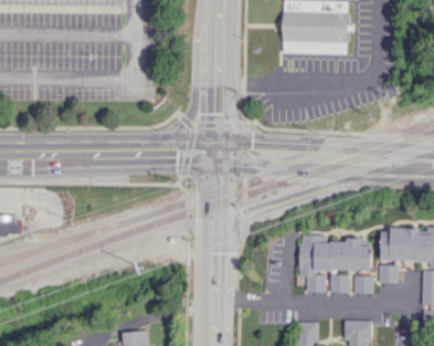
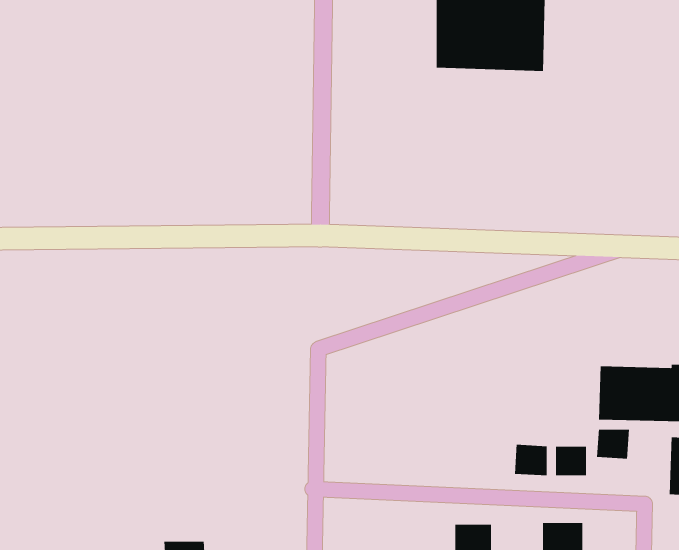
building: [299,235,370,292] -> none

